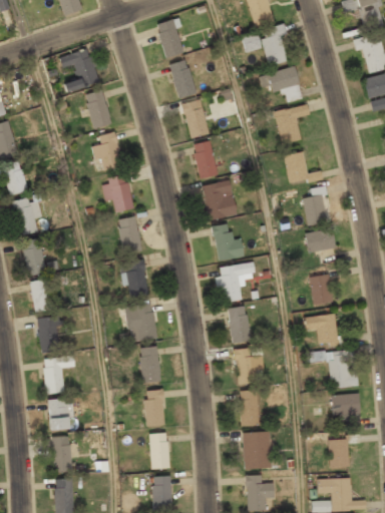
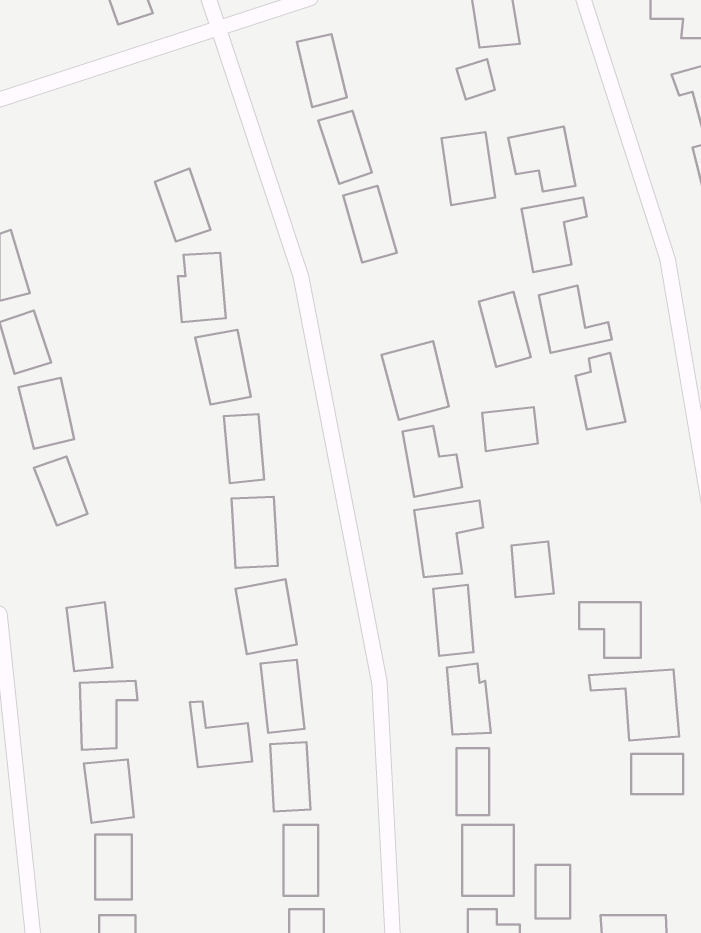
building: [262,27,290,65] -> [441,132,495,205]
building: [62,49,98,91] -> none
building: [191,140,219,179] -> [479,292,531,367]
building: [306,229,335,252] -> [482,407,538,451]
building: [310,275,332,304] -> [512,542,554,597]
building: [31,279,52,312] -> none
building: none -> [190,701,252,767]
building: [329,440,347,468] -> [536,865,570,919]

